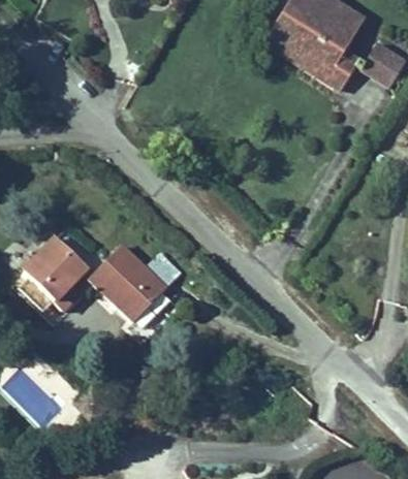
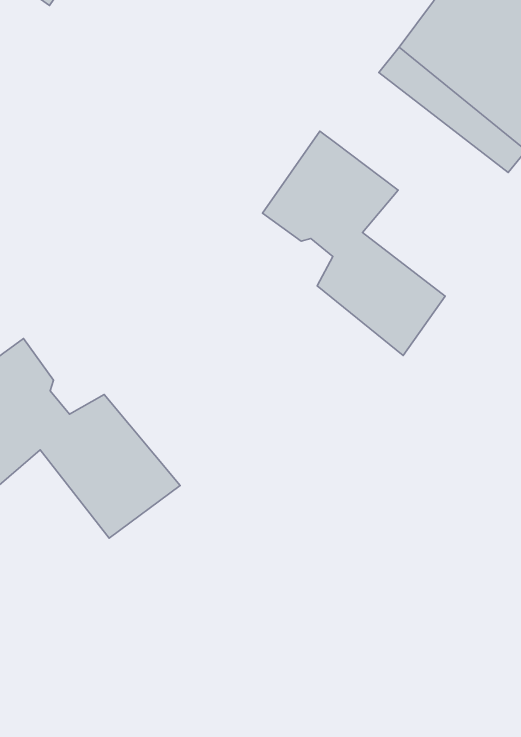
building: none -> [262,131,445,356]

